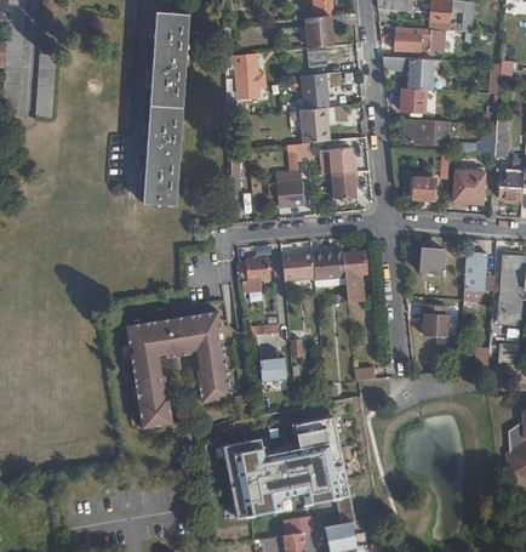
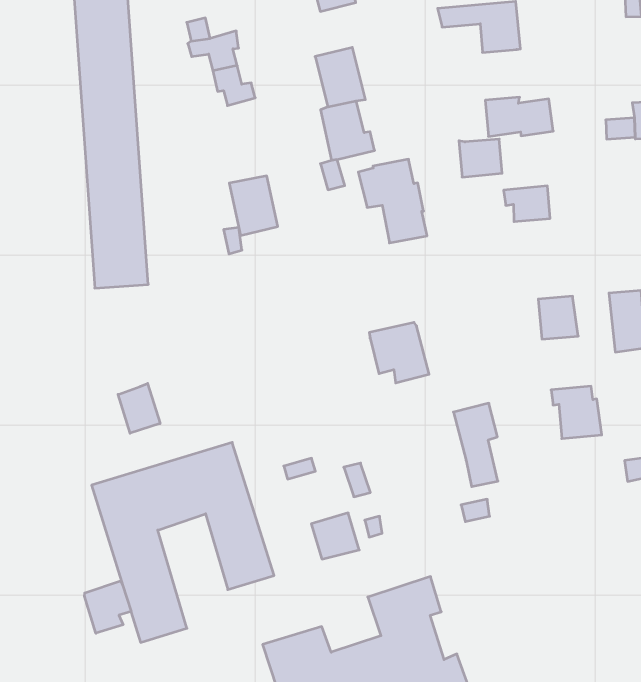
building: [402,86,429,110] -> [459,139,502,177]
building: [453,167,486,201] -> none
building: [276,171,303,206] -> [229,176,278,236]
building: [342,251,367,302] -> [453,403,498,487]
building: [244,256,267,281] -> none
building: [281,256,314,283] -> none
building: none -> [118,383,160,433]
building: none -> [85,581,131,633]

